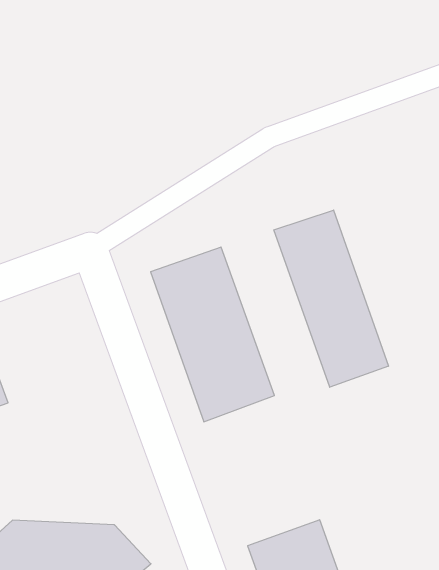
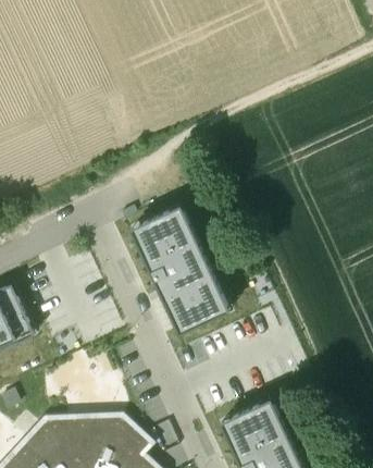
building: [274,210,388,387] -> none

